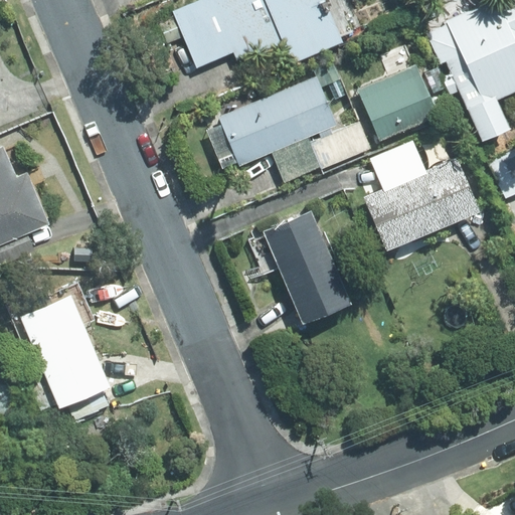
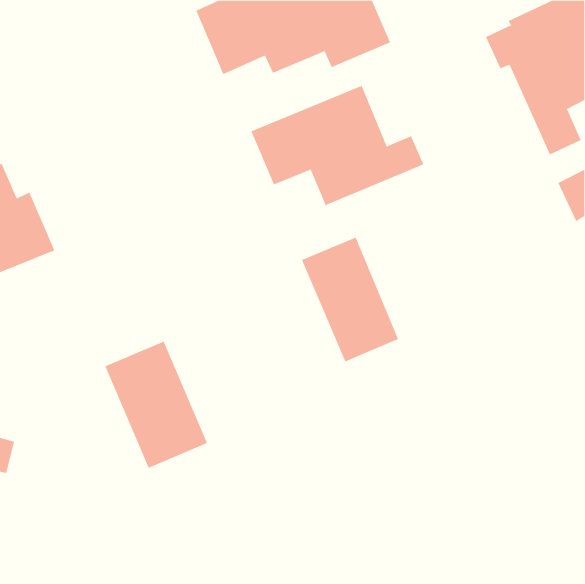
building: [358,65,438,140] -> none
building: [364,141,481,248] -> none
building: [19,294,110,405] -> [105,341,208,468]

